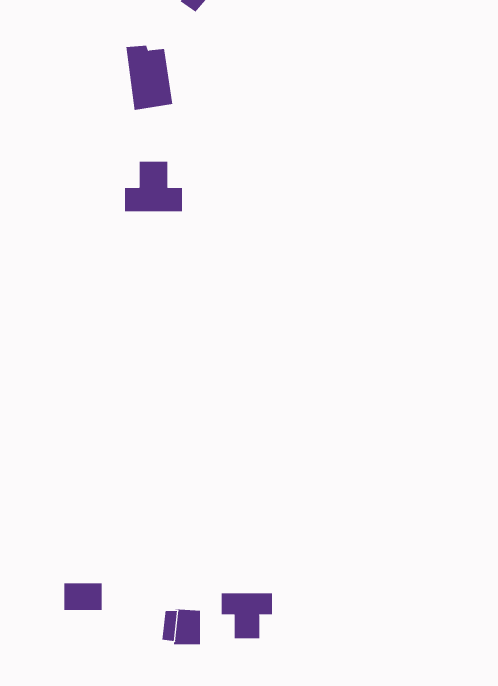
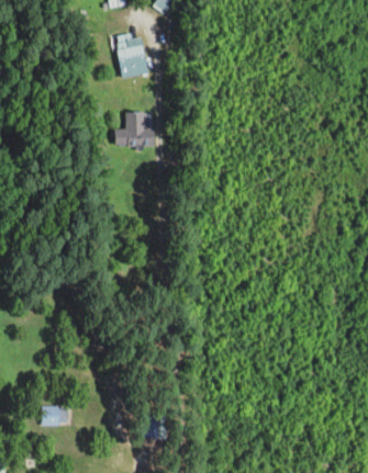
building: [63,583,103,611] -> [41,406,67,425]
building: [221,593,273,639] -> none

